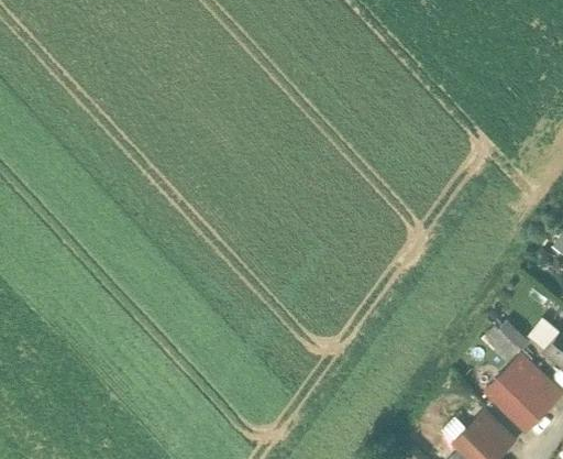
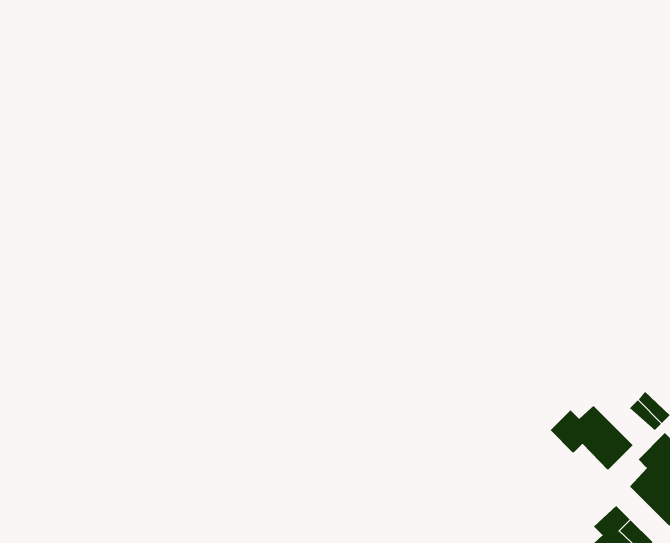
building: none -> [550,405,634,470]

